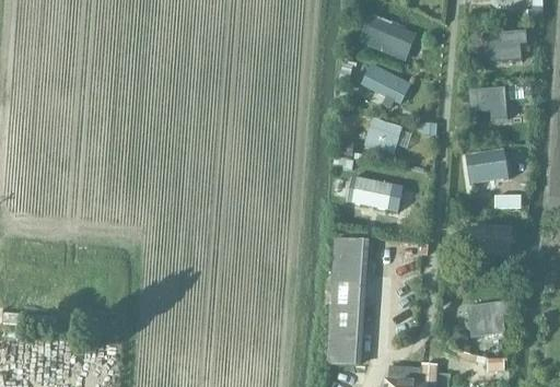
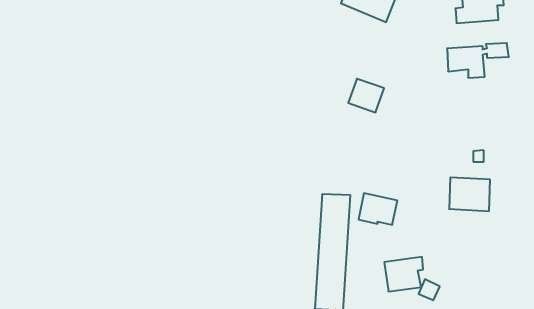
building: [362,64,408,102] -> none
building: [465,149,508,181] -> none
building: [351,176,392,209] -> [359,193,397,225]
building: [466,300,506,336] -> [384,257,423,291]

